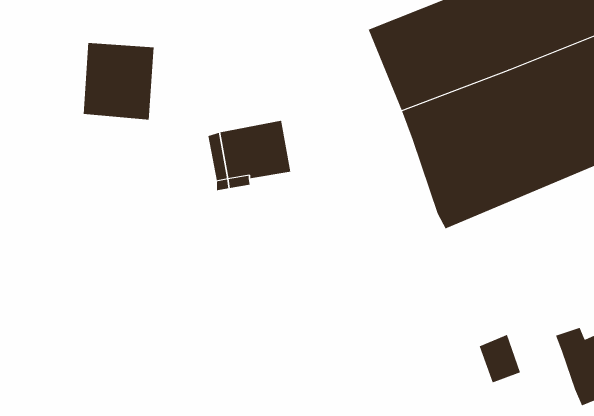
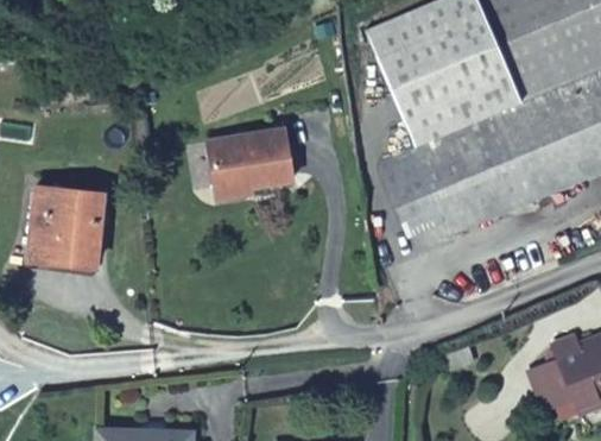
building: [83,43,154,120] -> [33,181,105,258]
building: none -> [377,146,436,232]
building: [479,334,521,383] -> [531,357,572,405]

